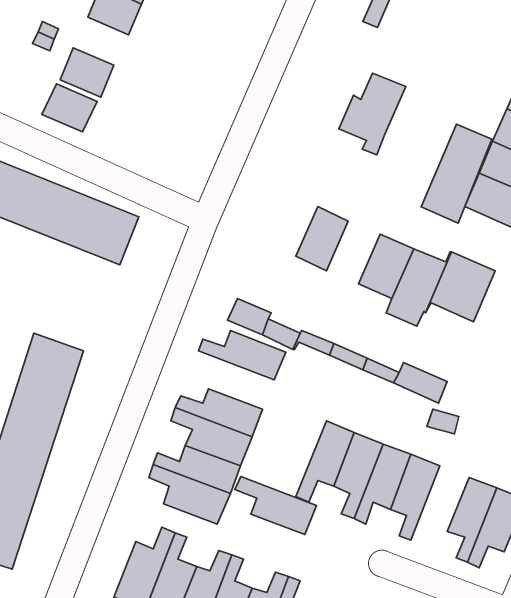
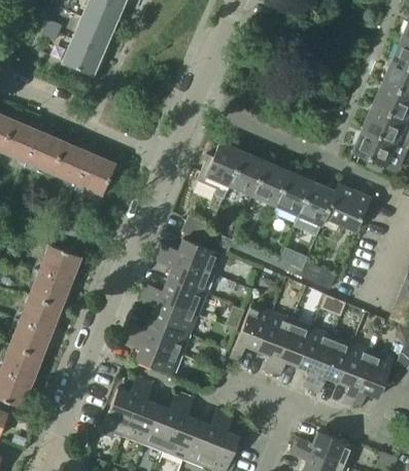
building: [339,73,406,155] -> [199,143,246,201]
building: [42,84,97,132] -> [73,19,112,52]
building: [421,124,492,223] -> none
building: none -> [252,162,291,207]
building: none -> [312,335,353,392]
building: [235,476,316,535] -> [158,254,215,295]

